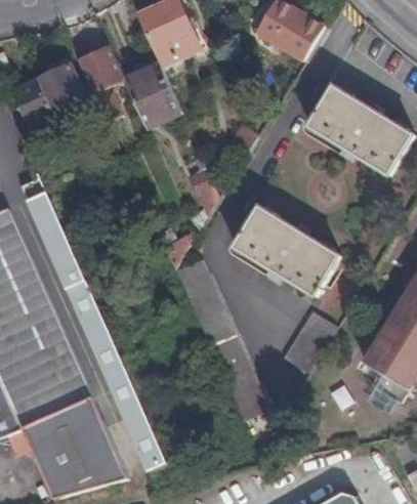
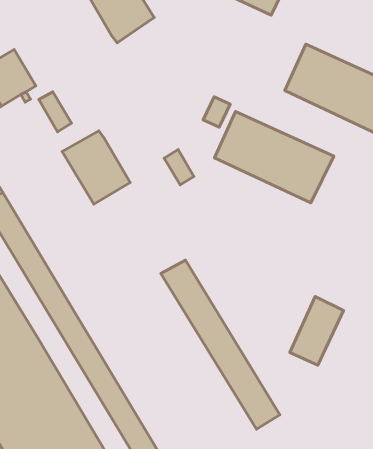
building: [76,49,119,94] -> none
building: [123,59,180,124] -> [62,131,130,204]
building: [234,209,340,298] -> [215,112,334,203]

